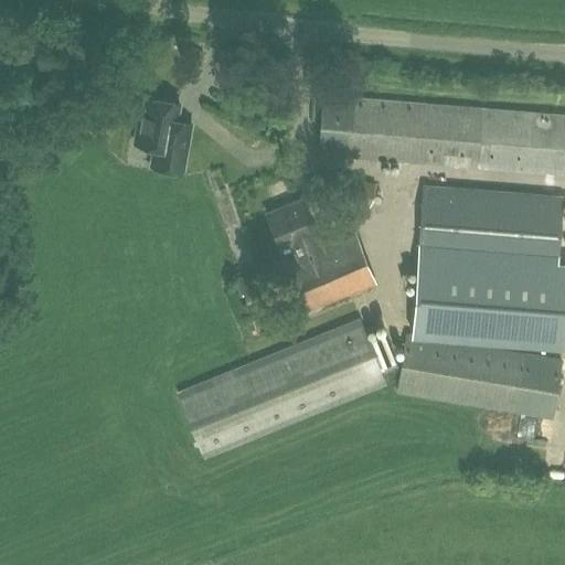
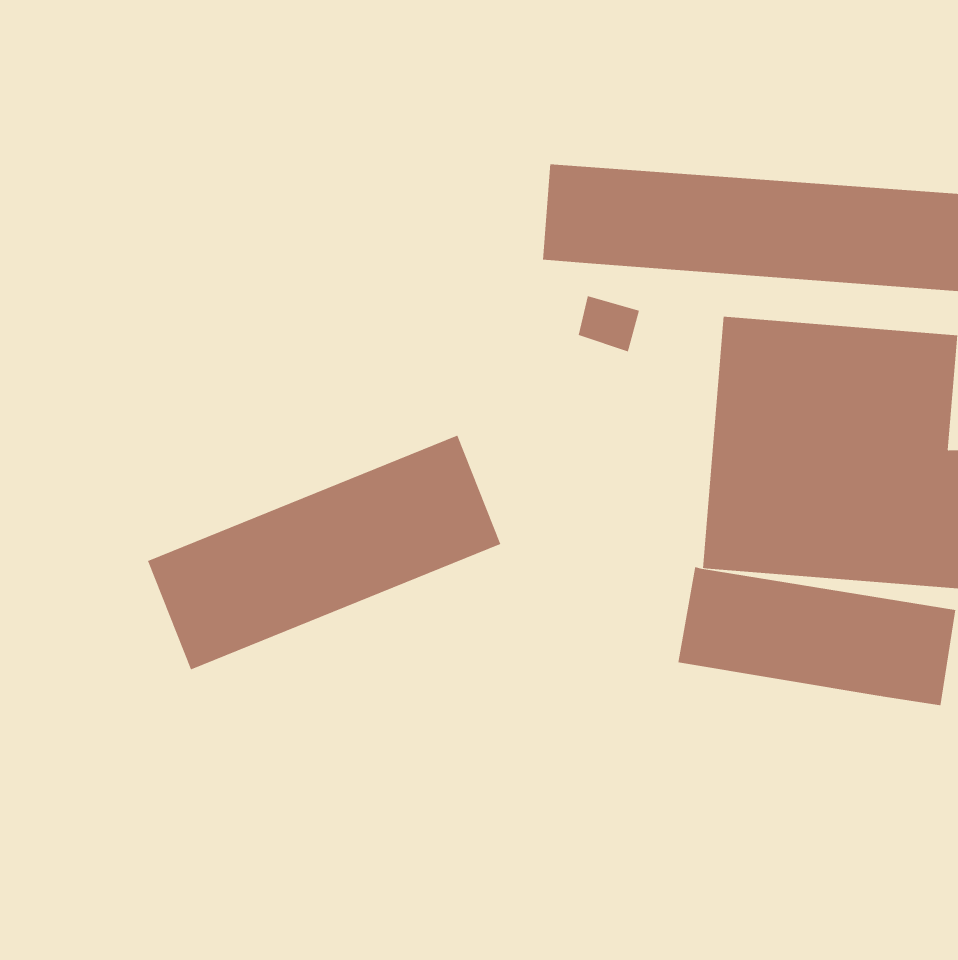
building: [136,95,193,170] -> none
building: [267,199,377,310] -> none
building: [179,318,386,456] -> [147,435,501,670]

